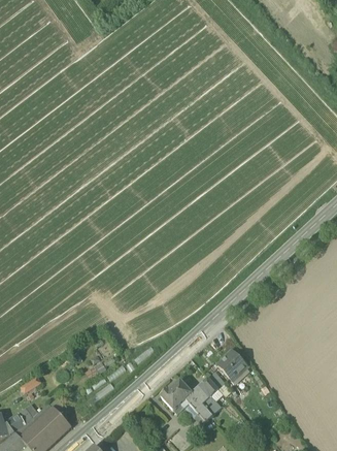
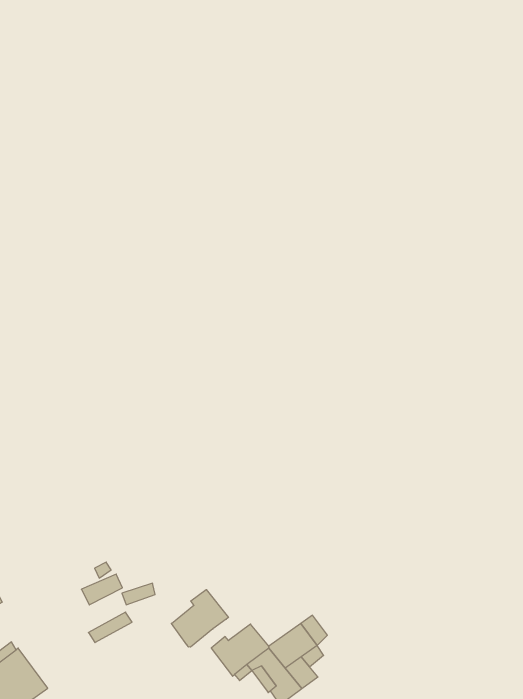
building: [217,348,247,378] -> none
building: none -> [171,590,228,647]

